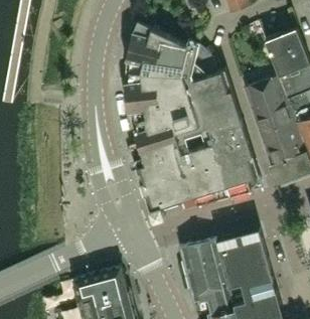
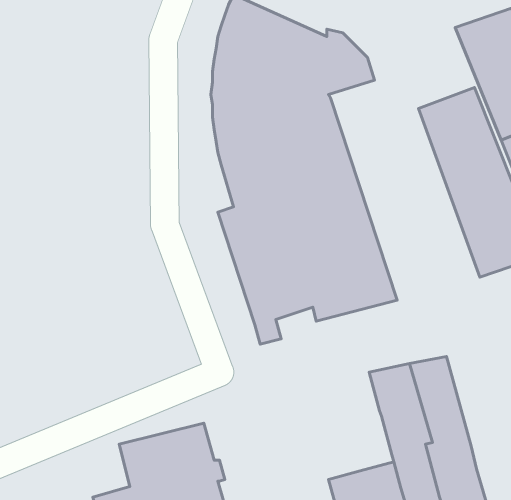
building: [193,69,265,197] -> none
building: [180,238,230,300] -> none

